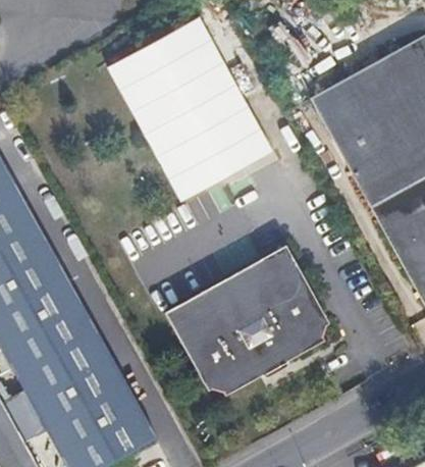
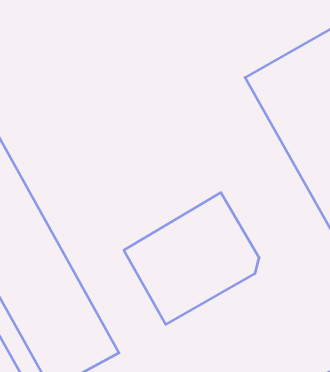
building: [106,18,263,192] -> none

